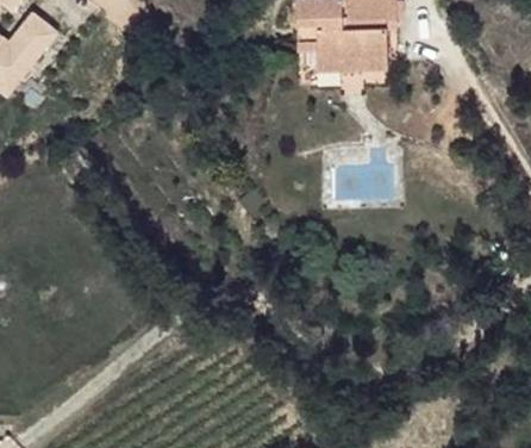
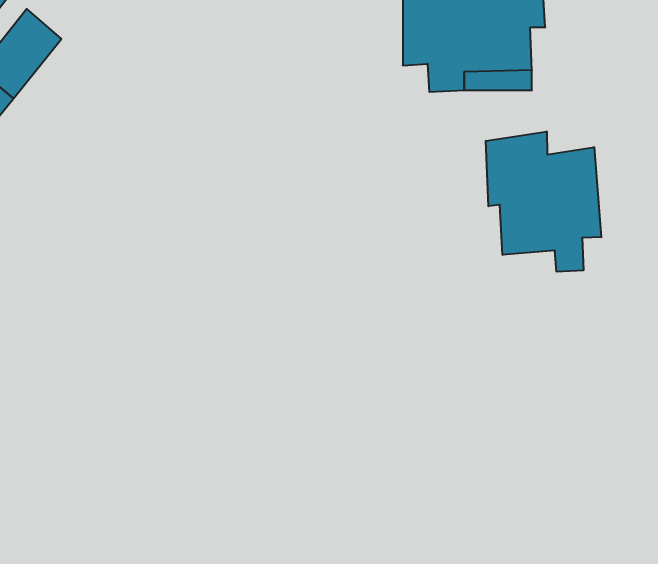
building: none -> [486,131,601,272]

